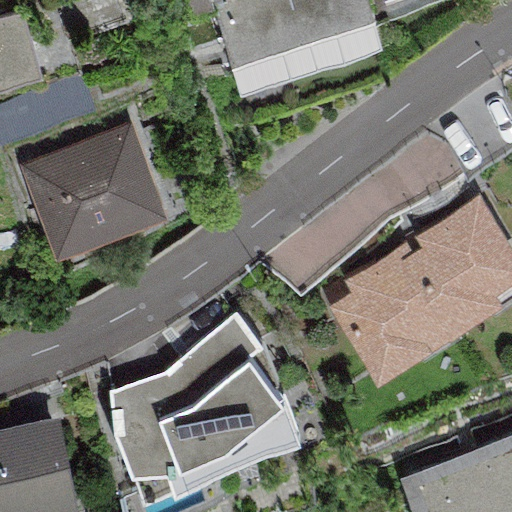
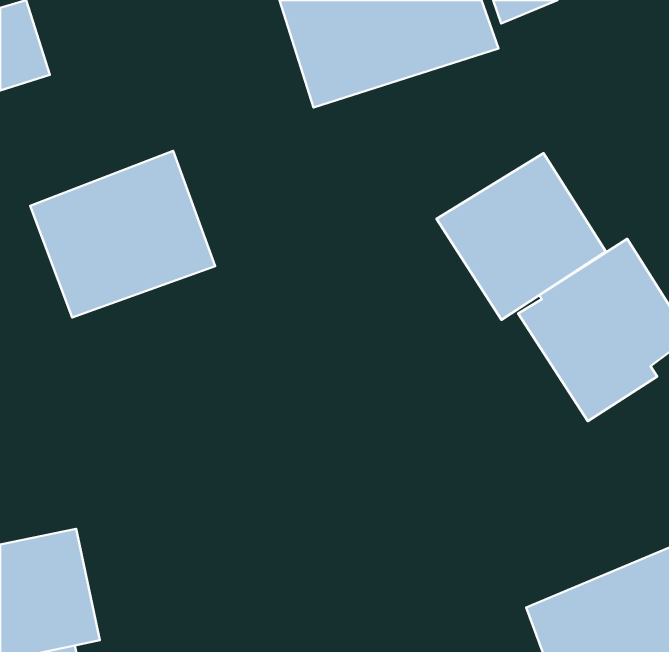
building: none -> [436,153,606,320]
building: [330,253,449,382] -> none
building: [110,316,297,502] -> none

